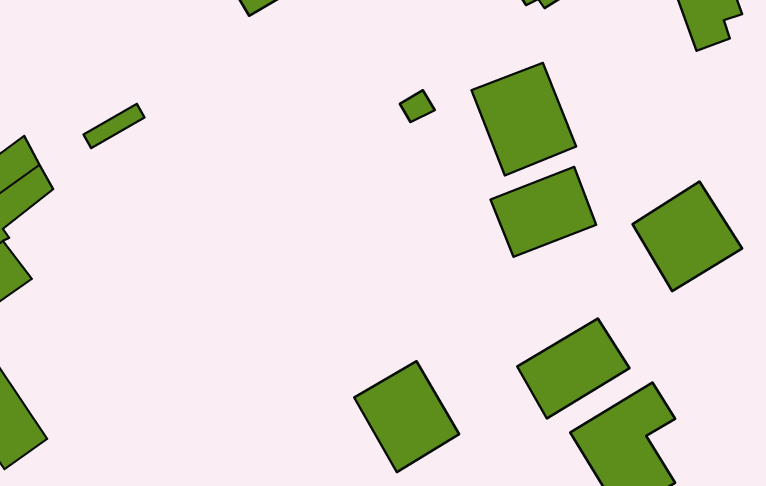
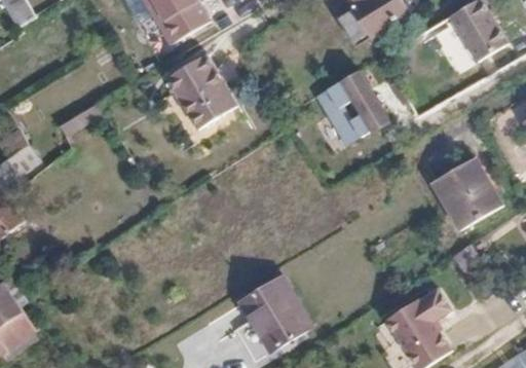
building: none -> [163,52,234,127]
building: [490,167,596,257] -> none
building: [517,318,630,419] -> none

